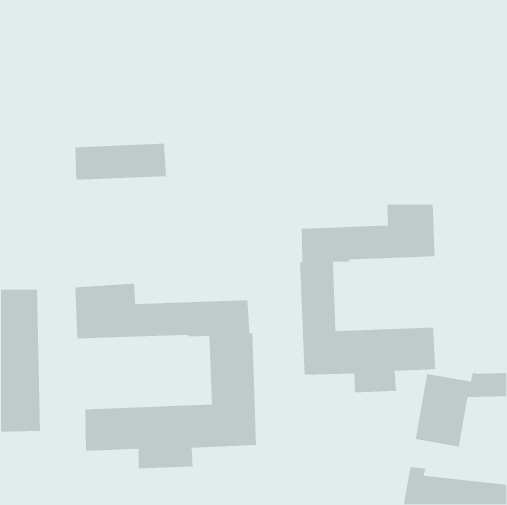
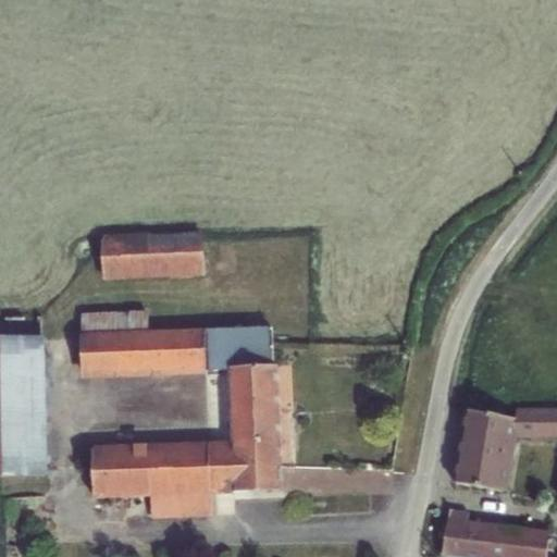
building: [75,143,167,181] -> [102,234,203,275]
building: [299,204,436,393] -> none

